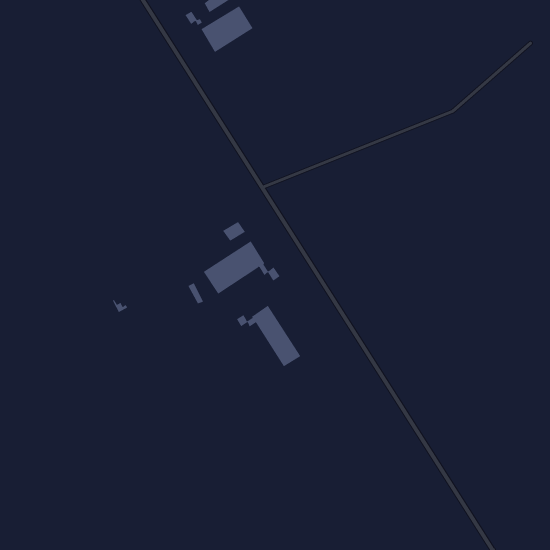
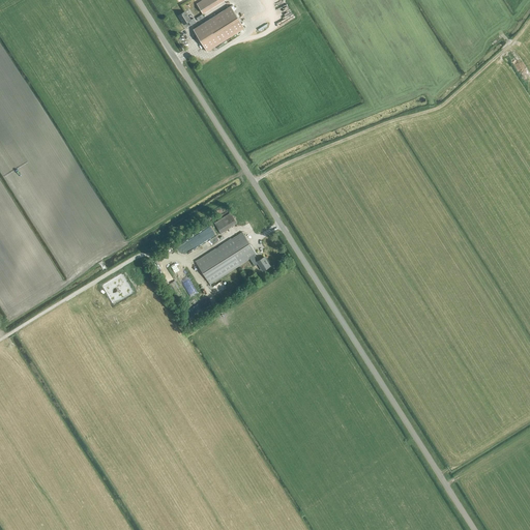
building: [236,305,301,367] -> none

